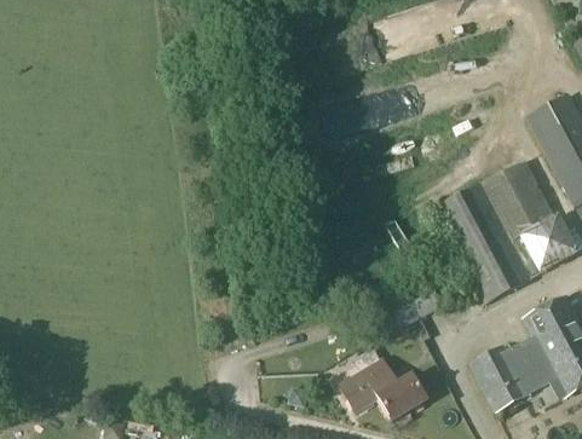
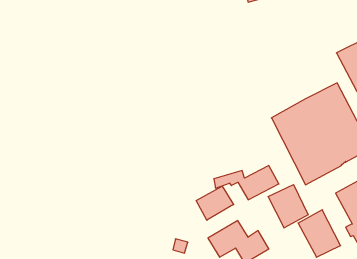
building: none -> [268,185,308,228]
building: none -> [196,186,234,220]

